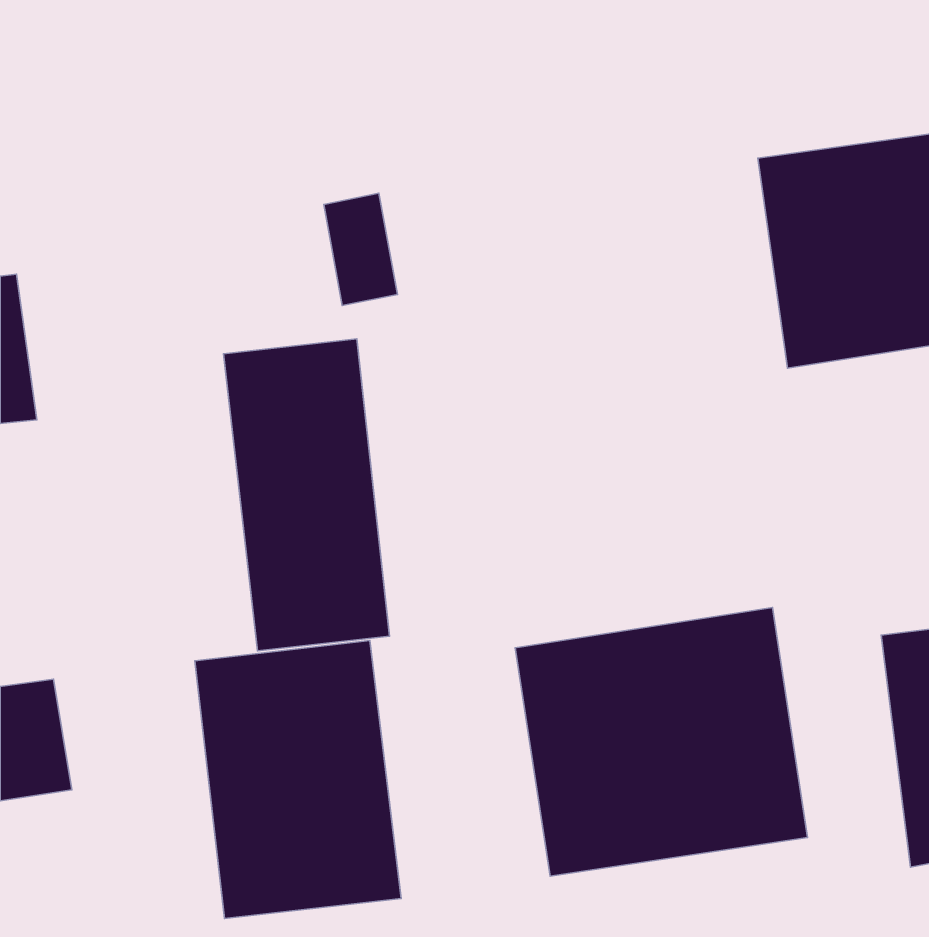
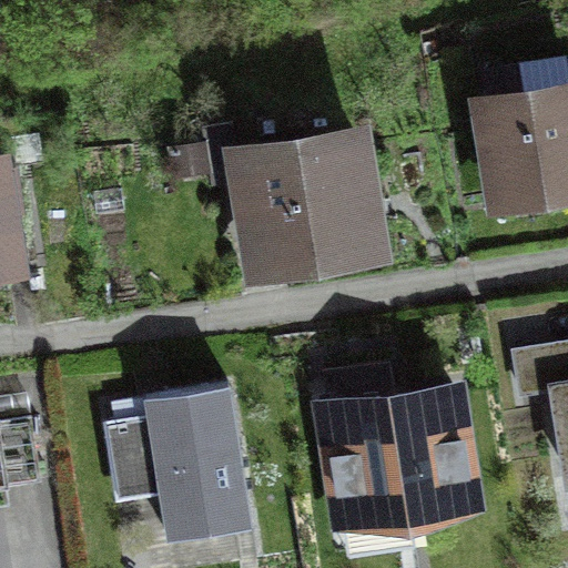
building: none -> [261,144,375,256]
building: [223,339,389,651] -> none

